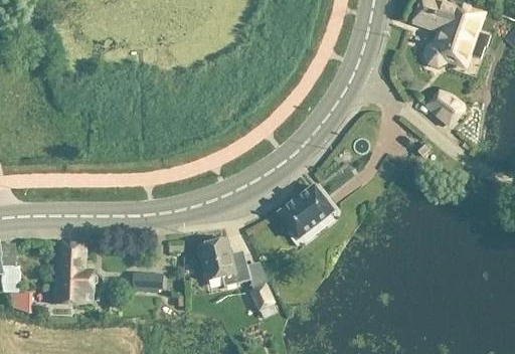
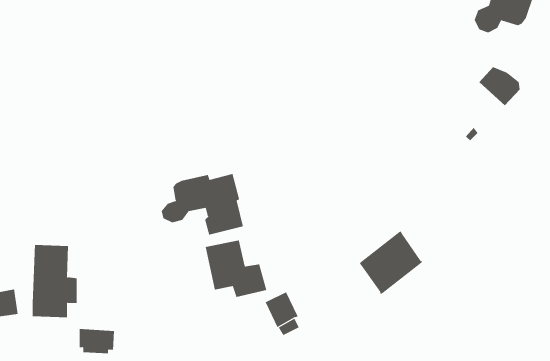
building: none -> [161,173,243,235]
building: [280,184,333,237] -> [359,231,423,294]
building: [133,270,163,291] -> [79,328,115,354]

